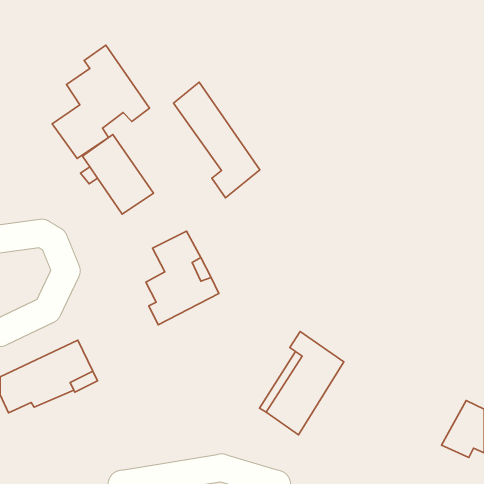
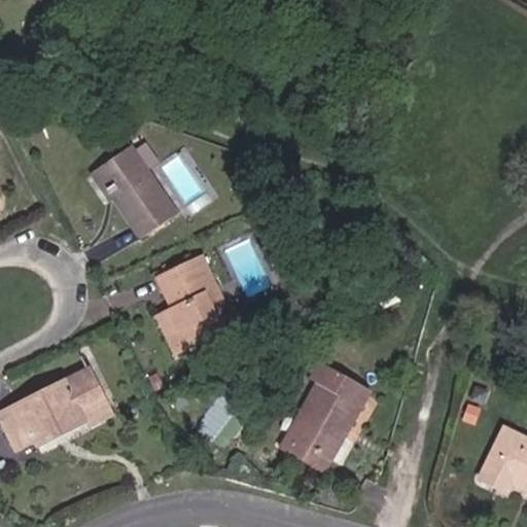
building: [52,45,150,159] -> none
building: [174,82,260,198] -> none

